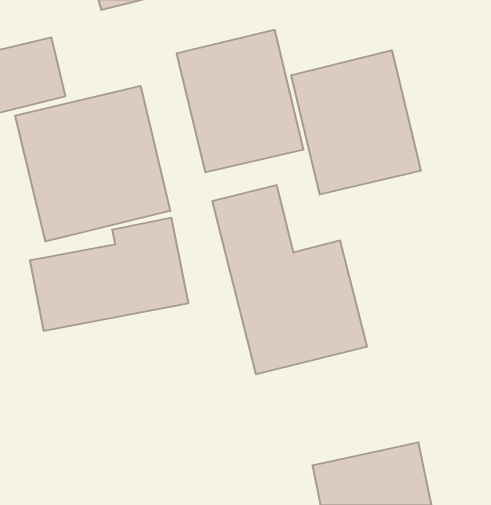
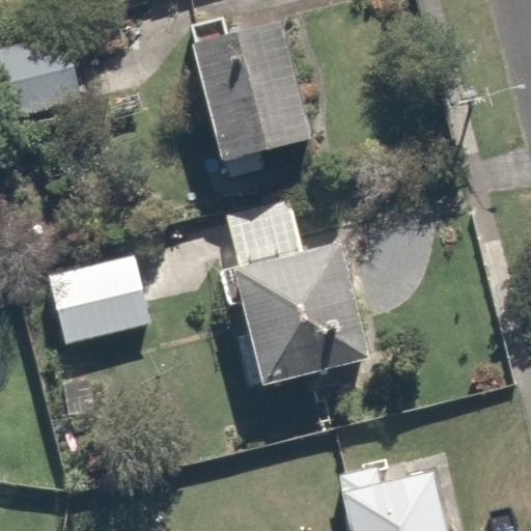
building: [291,50,421,195] -> none
building: [15,86,170,242] -> none

